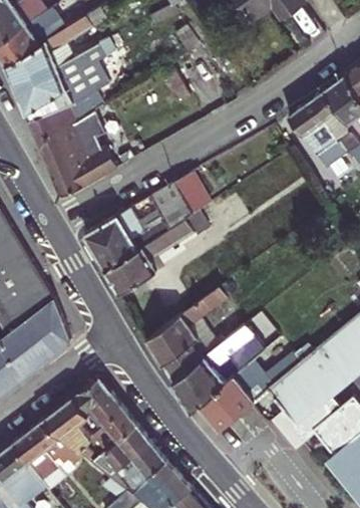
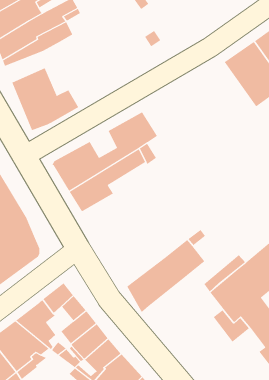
building: [27,92,101,141] -> none
building: [145,287,228,383] -> none
building: [199,369,264,431] -> none

